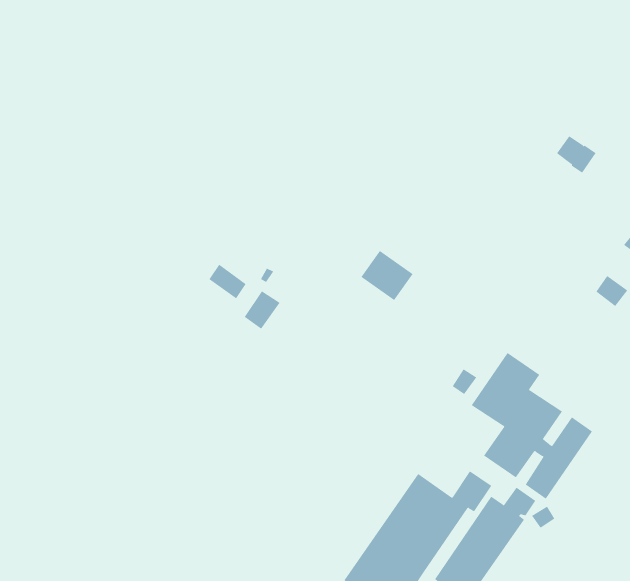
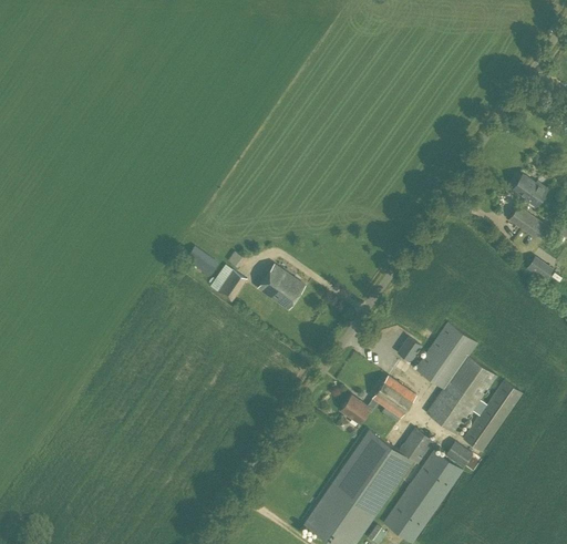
building: [556,136,596,173] -> [512,173,547,206]
building: none -> [508,206,545,239]
building: [360,250,413,301] -> [258,264,305,308]
building: none -> [340,374,416,423]

